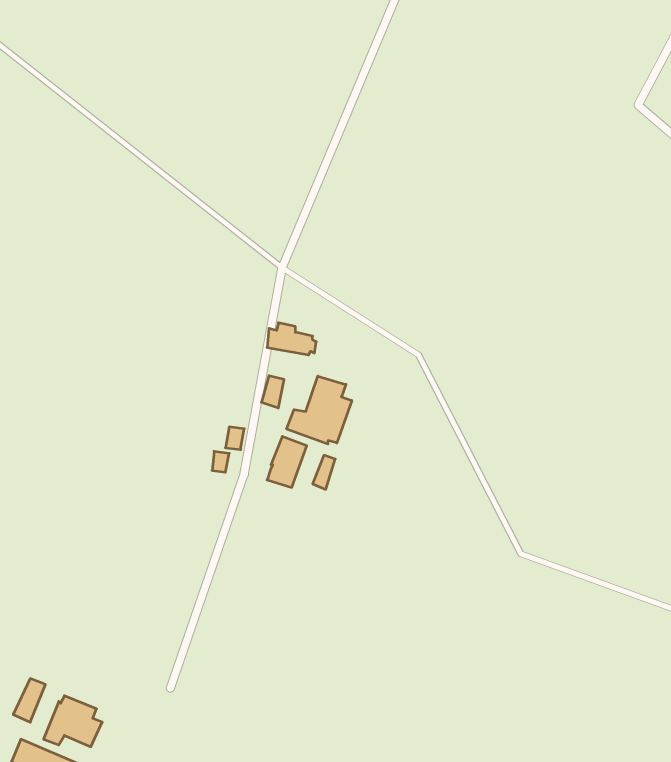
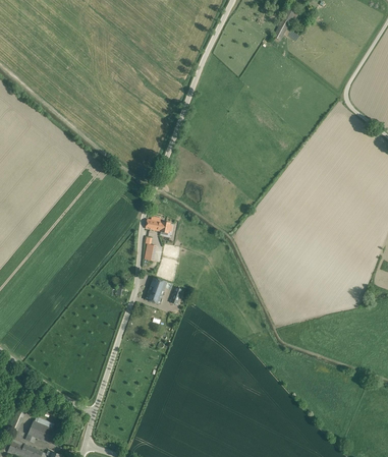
building: [287,376,352,444] -> none

